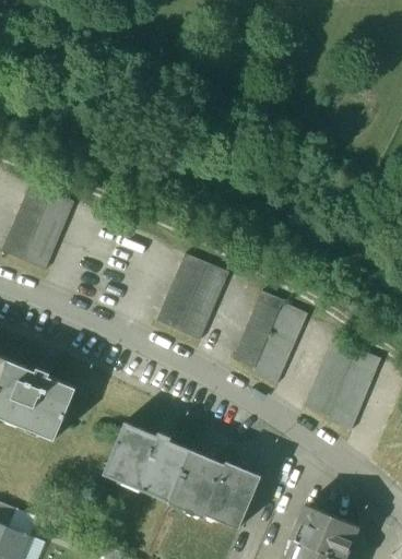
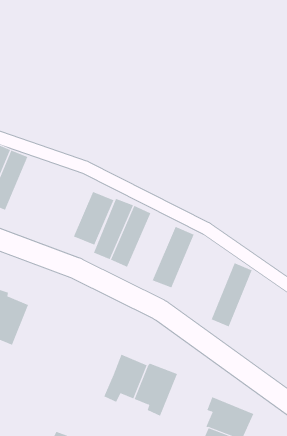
building: none -> [73,191,114,245]
building: [252,305,306,384] -> none
building: [328,349,380,430] -> none
building: [103,423,190,502] -> none

